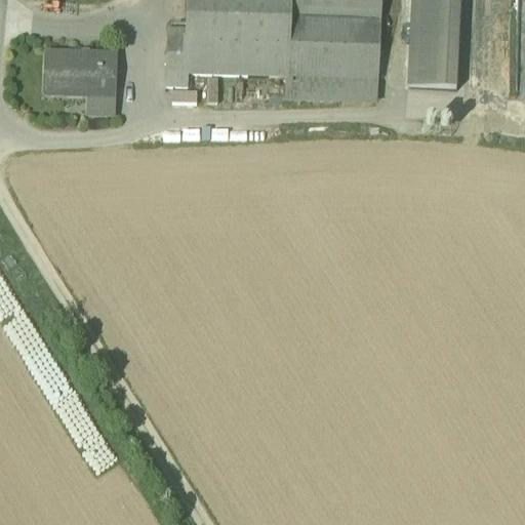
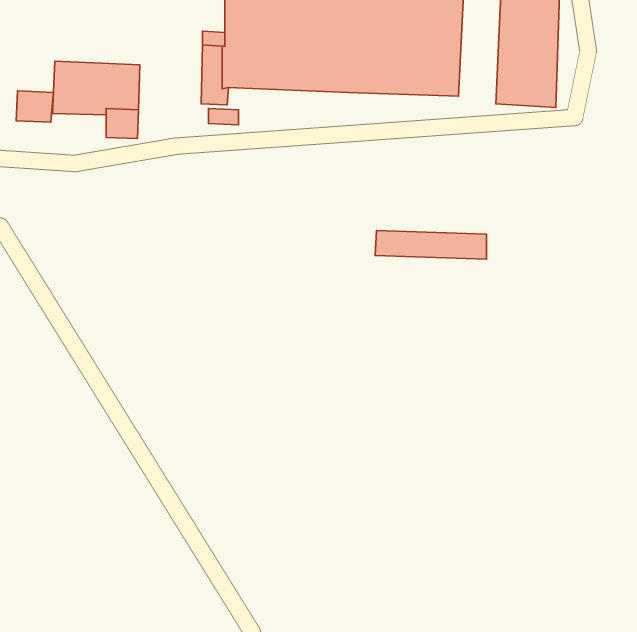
building: none -> [16,91,53,122]
building: [286,76,377,99] -> [375,231,486,259]

